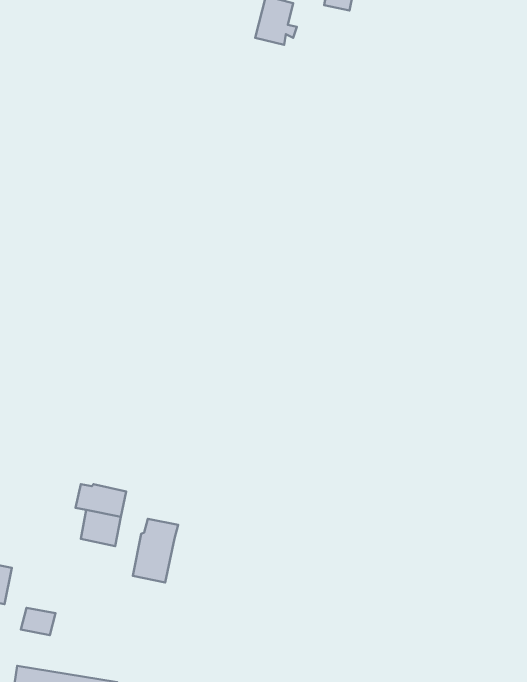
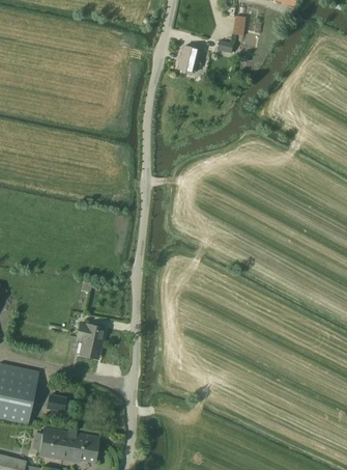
building: [133,519,178,583] -> none

